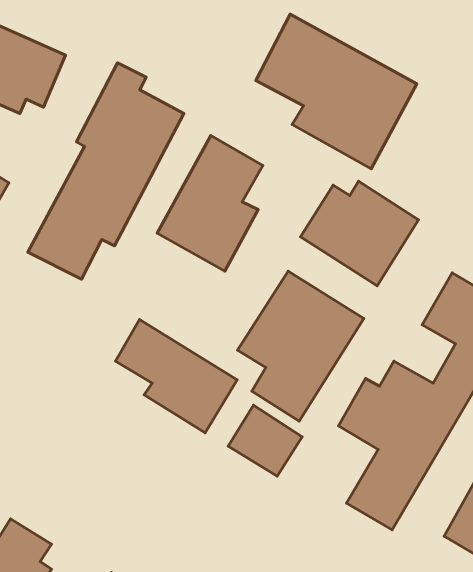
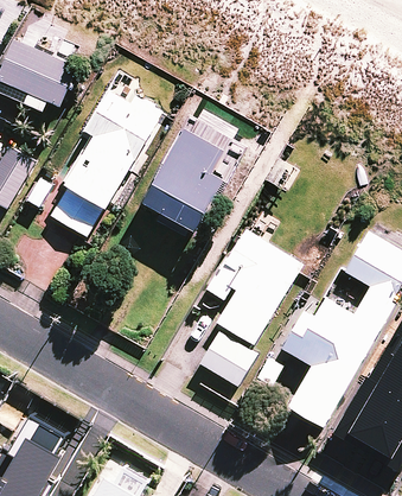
building: [256,14,417,169] -> none
building: [300,181,419,286] -> none
building: [115,320,237,433] -> none

